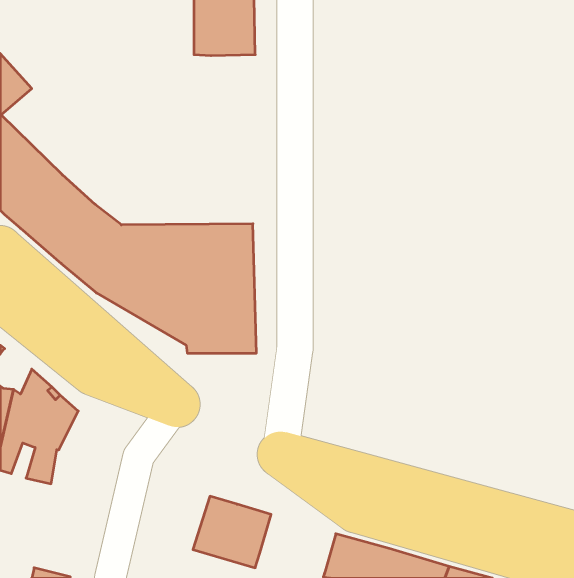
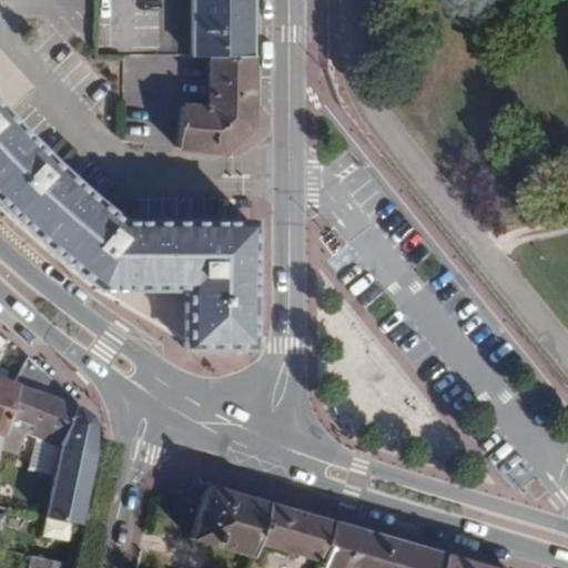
building: none -> [184,53,255,152]
building: none -> [49,402,98,520]
building: none -> [260,503,334,560]

